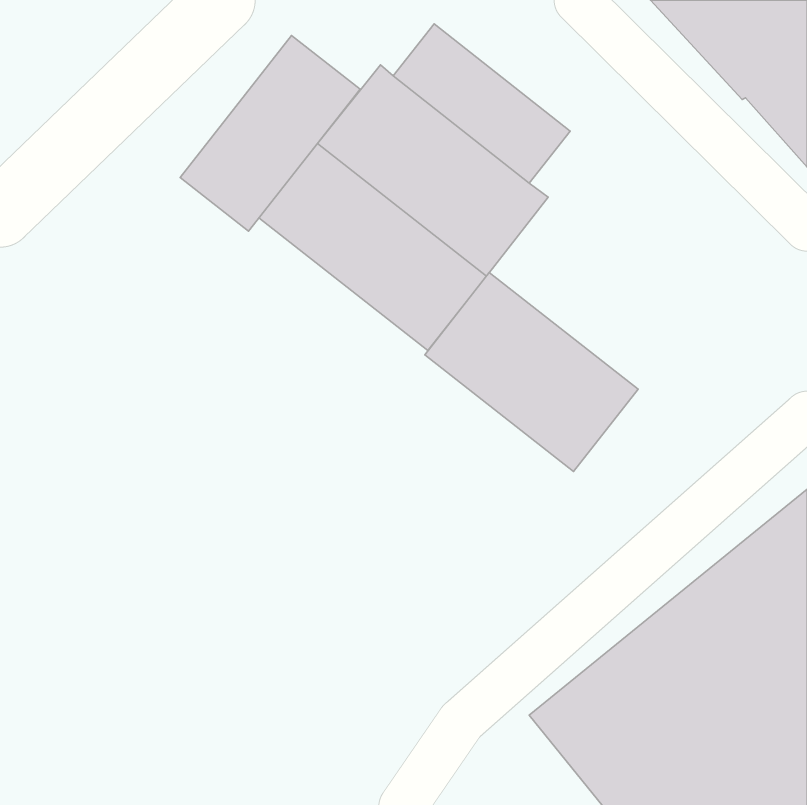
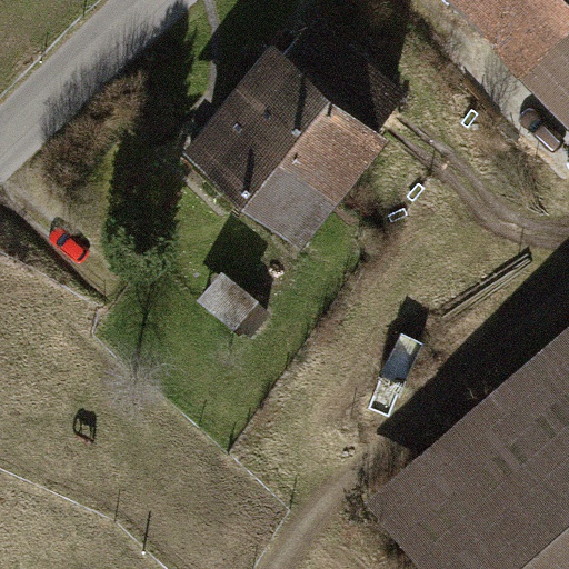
building: [180,35,360,231] -> none
building: [425,273,638,472] -> none

